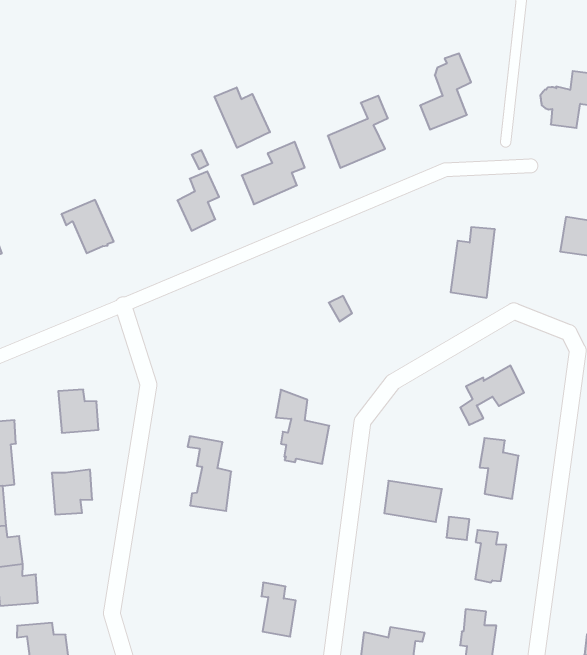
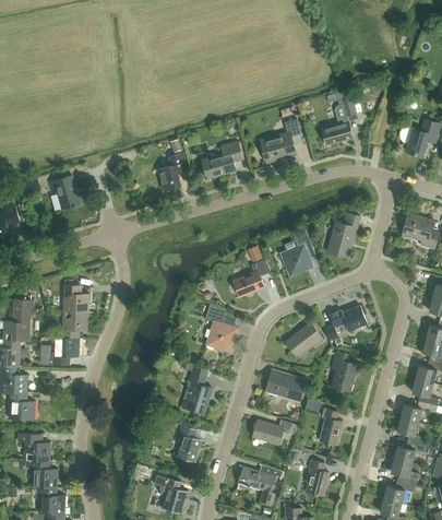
building: [215,87,270,148] -> none
building: [61,200,114,253] -> [48,176,80,210]
building: none -> [278,235,312,276]
building: none -> [232,260,270,297]
building: none -> [285,322,323,356]
building: none -> [62,311,87,338]
building: [188,436,231,511] -> [181,363,211,414]
building: none -> [252,419,292,444]

